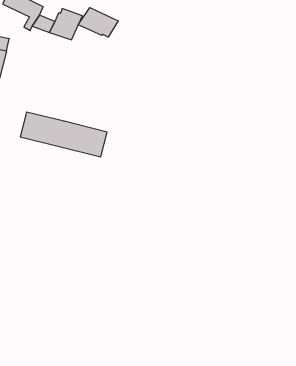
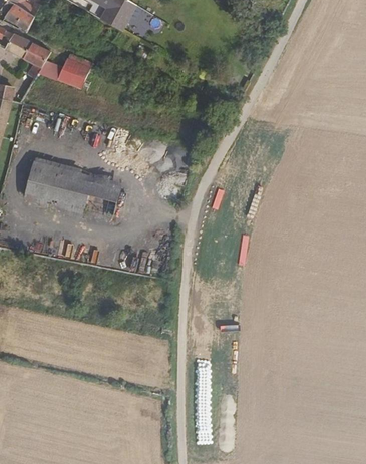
building: [78,8,118,37] -> none

